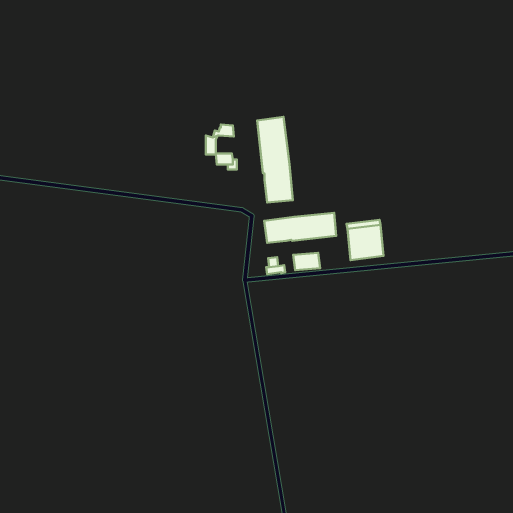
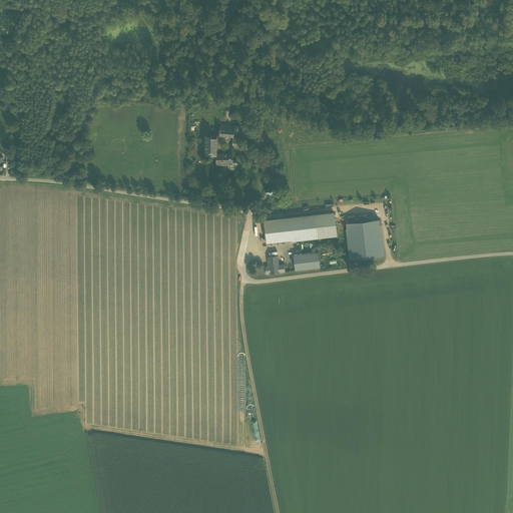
building: [257,117,293,203] -> none

